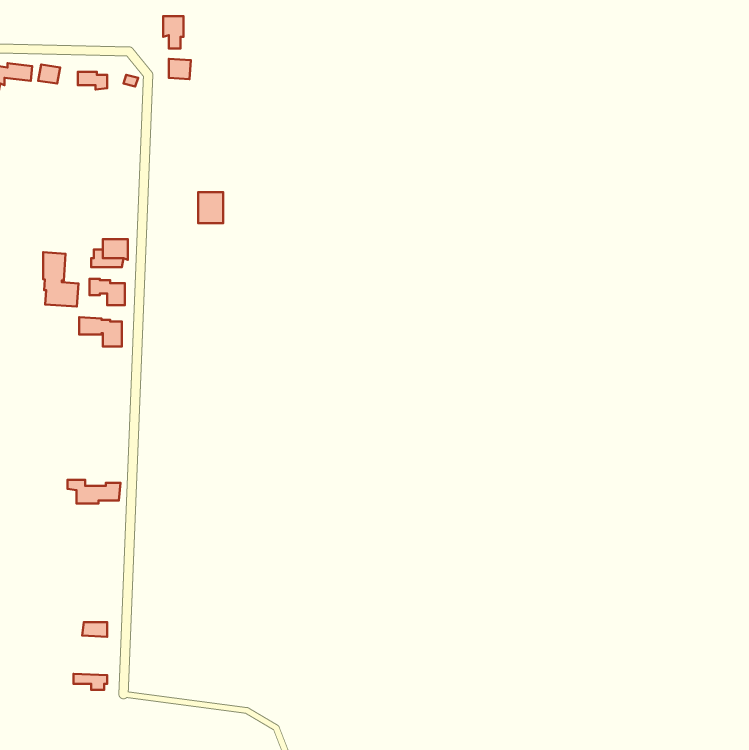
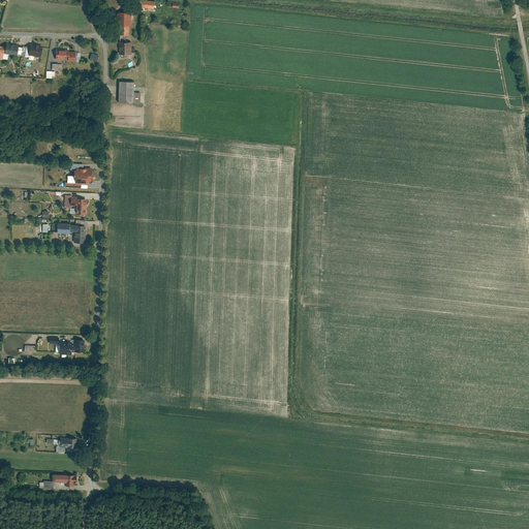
building: [198,192,223,223] -> [117,81,134,102]
building: [43,252,79,307] -> none

